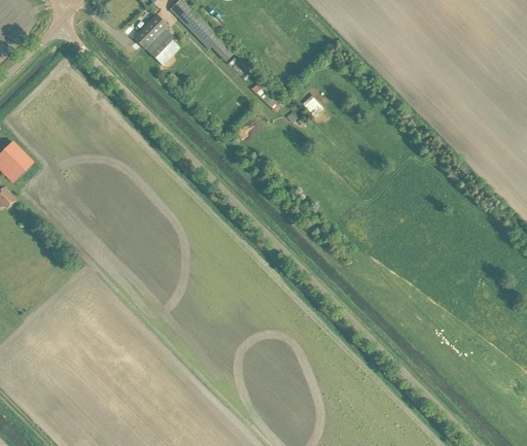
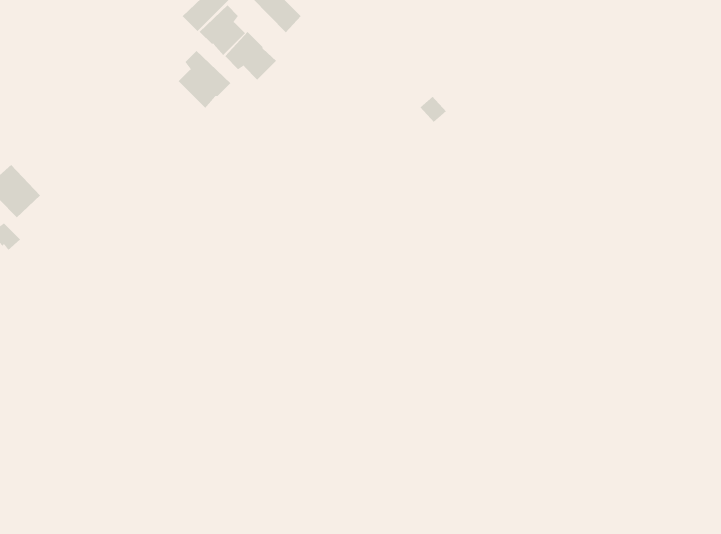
building: none -> [224,31,277,80]
building: none -> [178,50,231,109]

